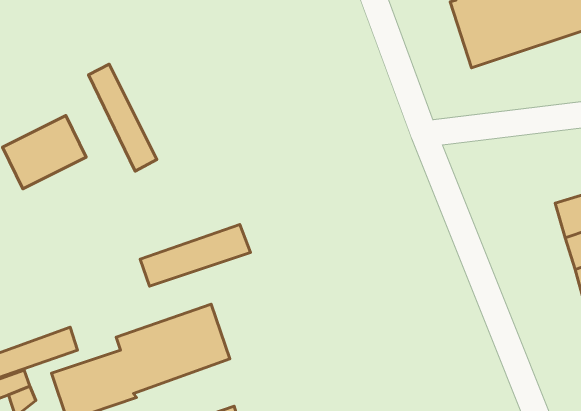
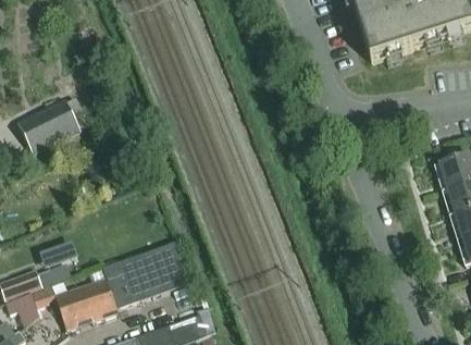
building: [88,64,157,171] -> none
building: [140,224,251,286] -> none

